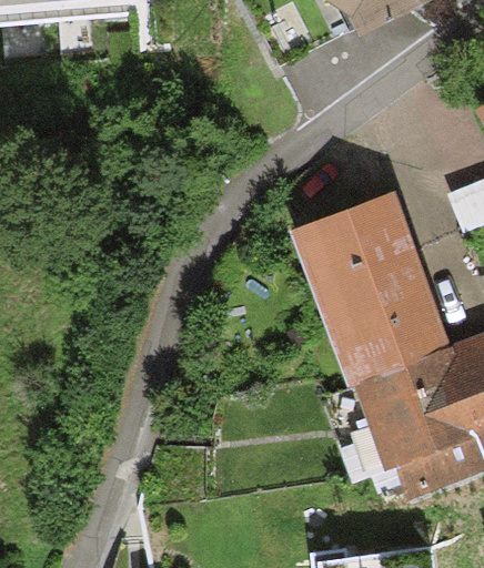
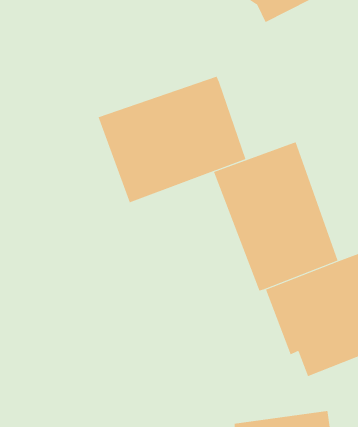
building: none -> [98,76,246,203]

